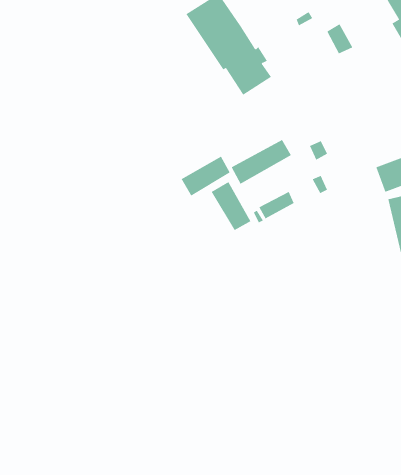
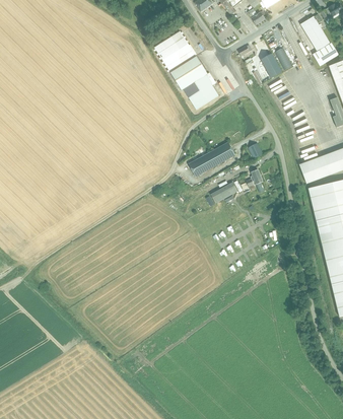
building: [181,156,231,196] -> none
building: [211,181,251,231] -> none

